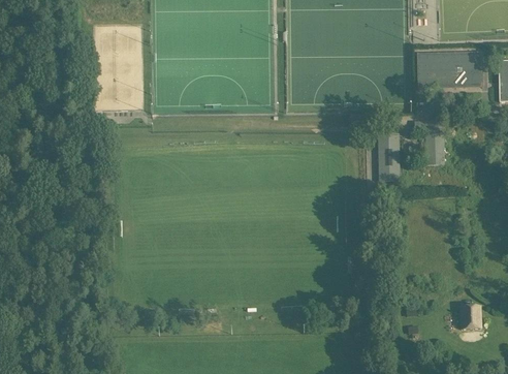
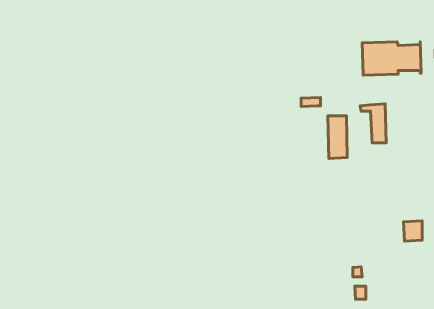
building: [459,305,480,328] -> [404,221,422,241]

